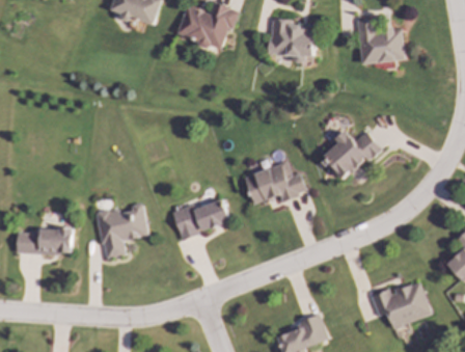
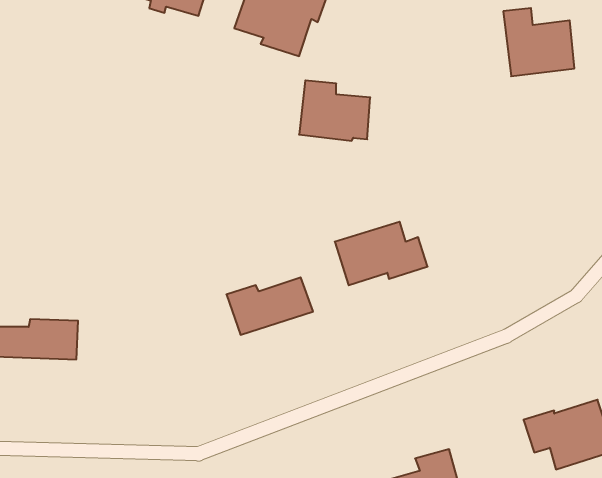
building: [268,18,316,58] -> [299,80,370,141]
building: [323,130,380,179] -> none
building: [97,202,146,259] -> none

